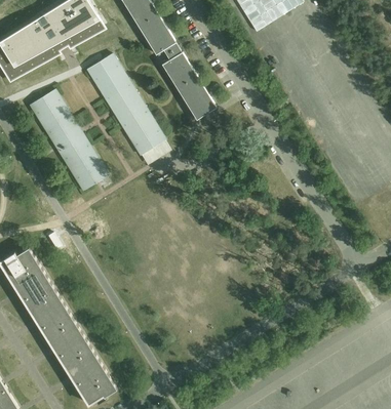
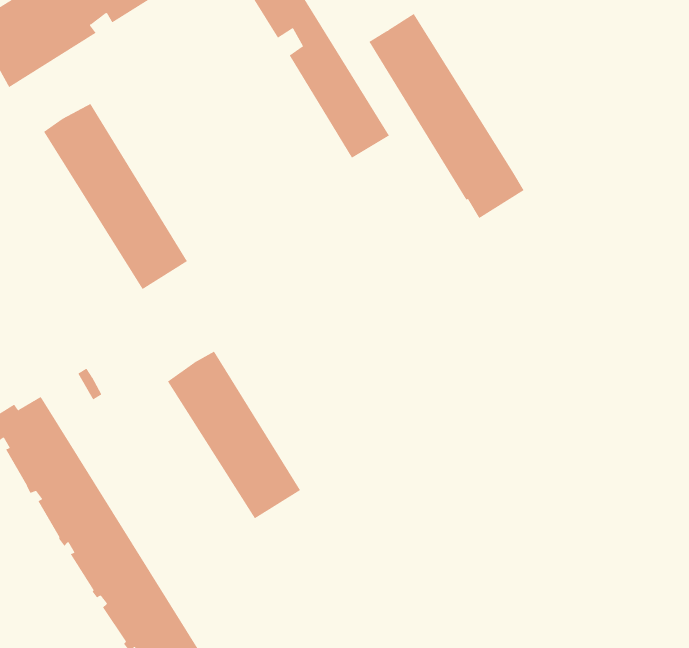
building: [86,54,170,165] -> [368,13,525,219]
building: none -> [167,351,301,519]

